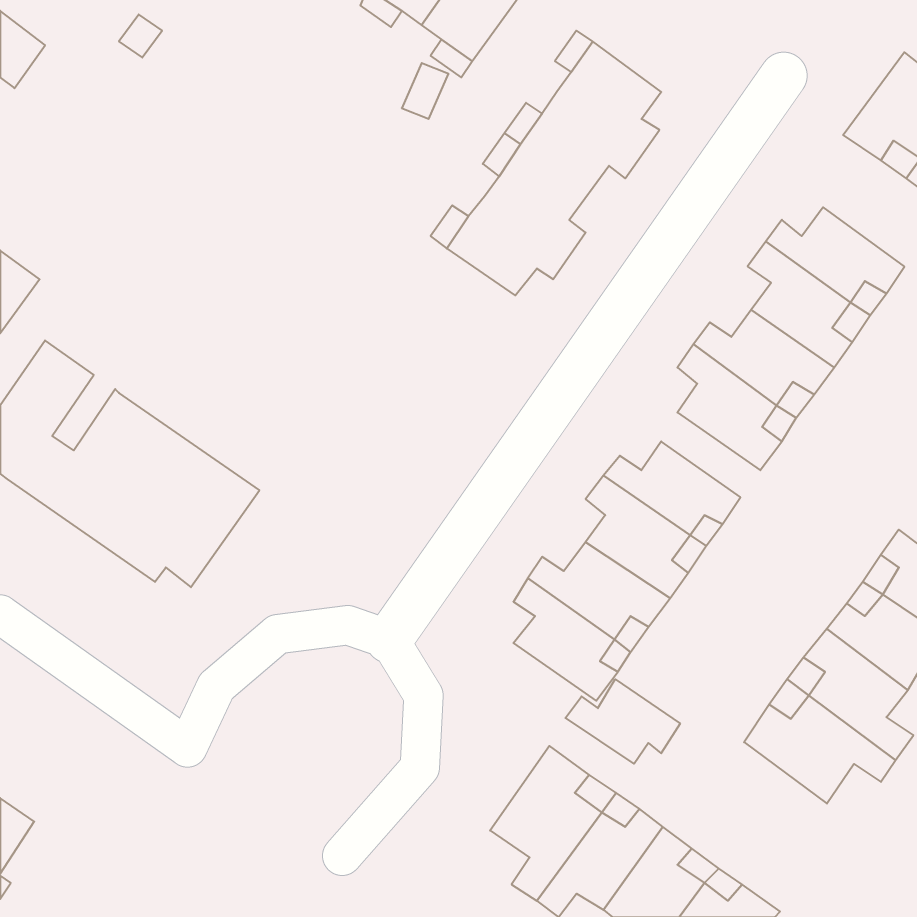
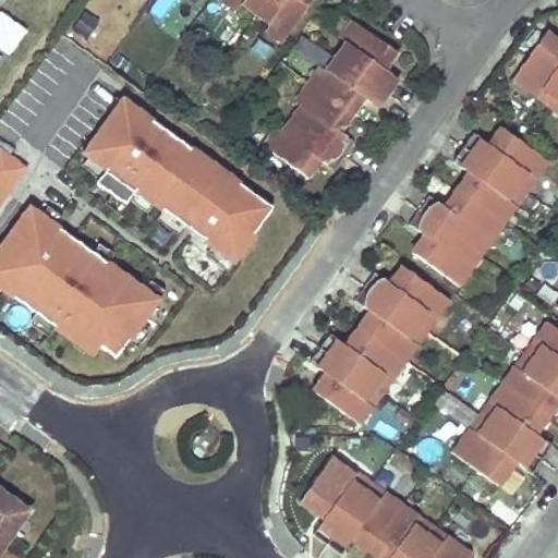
building: none -> [82,100,270,259]
building: [565,679,680,764] -> none

